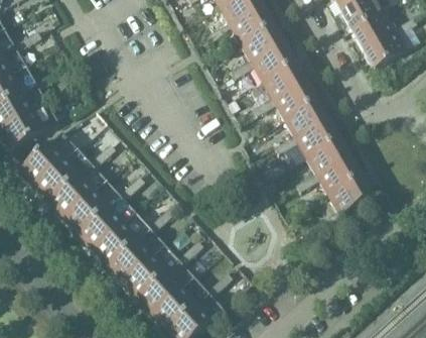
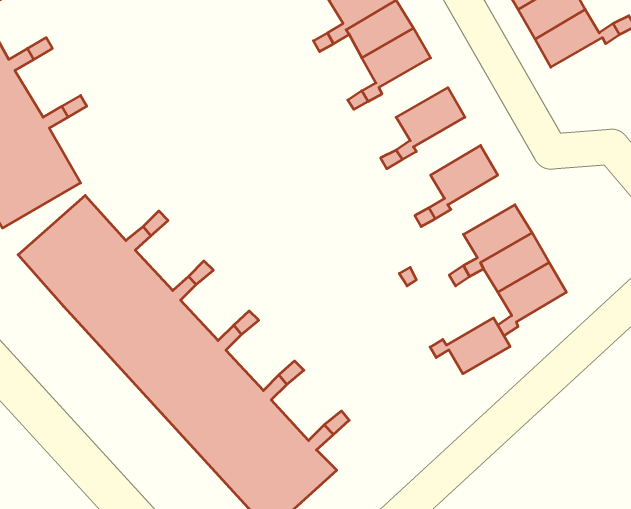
building: [359,26,403,66] -> none
building: [248,39,292,78] -> none
building: [270,78,313,115] -> none
building: [292,115,335,153] -> none
building: none -> [430,318,510,374]

